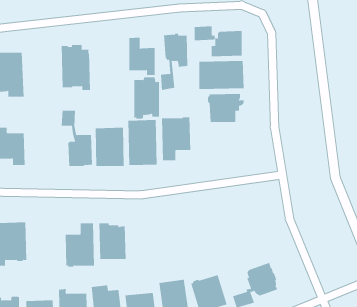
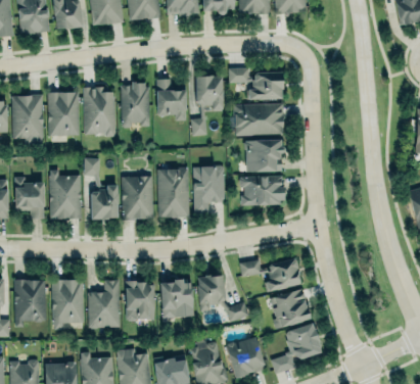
building: none -> [48,92,80,136]
building: [134,77,160,119] -> [122,82,150,128]
building: none -> [49,170,82,220]
building: none -> [239,177,284,205]
building: none -> [240,258,299,293]
building: none -> [197,276,248,322]
building: none -> [160,279,194,319]
building: none -> [52,280,84,330]
building: none -> [269,290,310,329]

